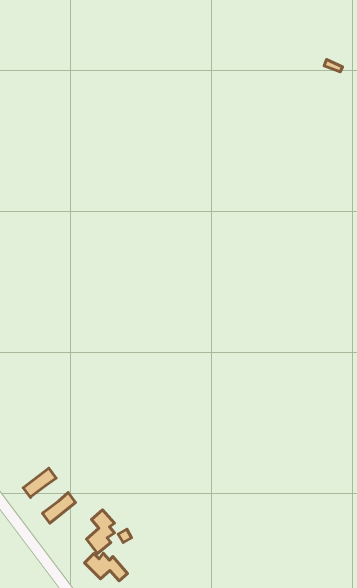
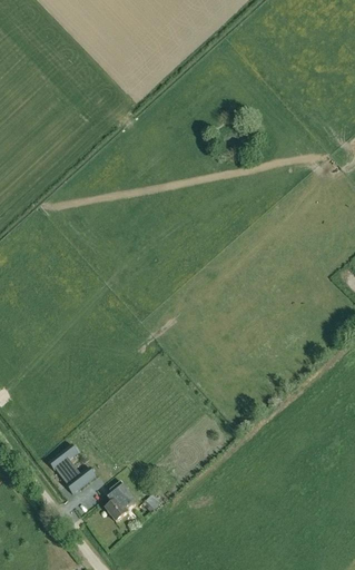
building: [85,553,127,581] -> none

